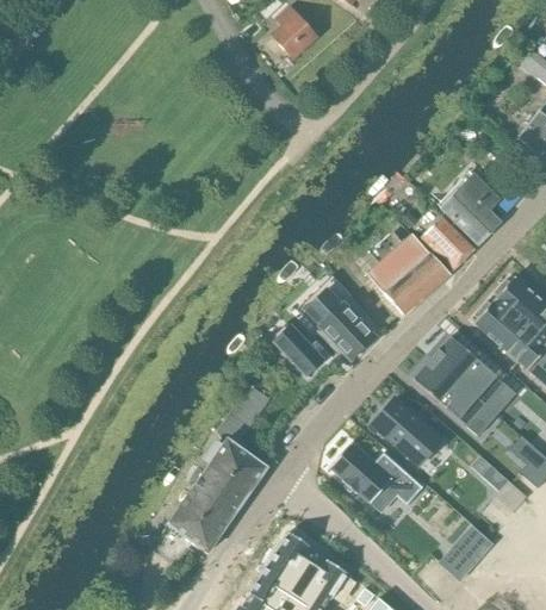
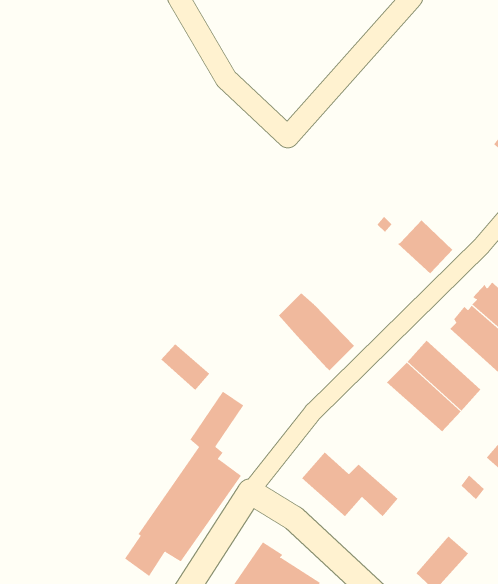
building: [273,6,318,56] -> none
building: [442,174,501,243] -> none
building: [367,234,451,315] -> none
building: [277,328,325,374] -> [160,344,210,391]
building: [370,399,445,472] -> none

